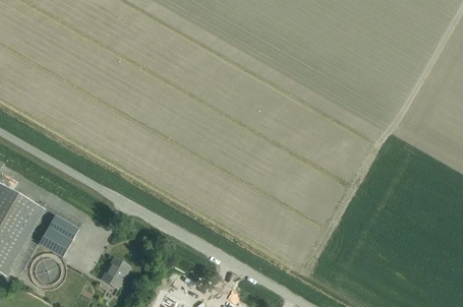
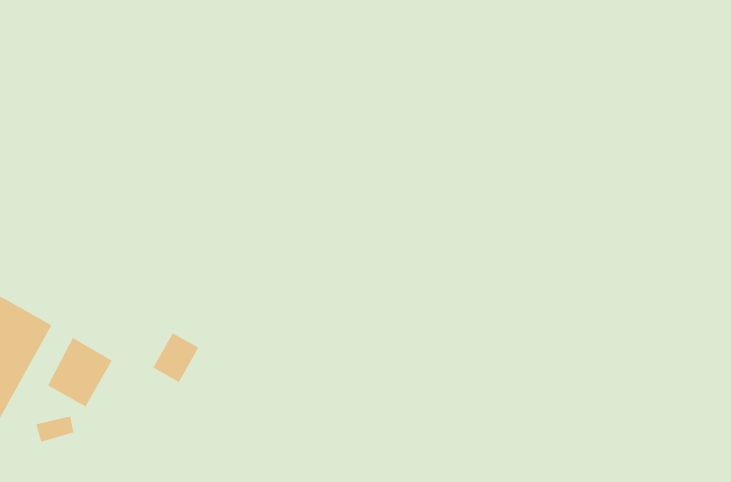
building: [102,257,130,288] -> [152,333,199,383]

